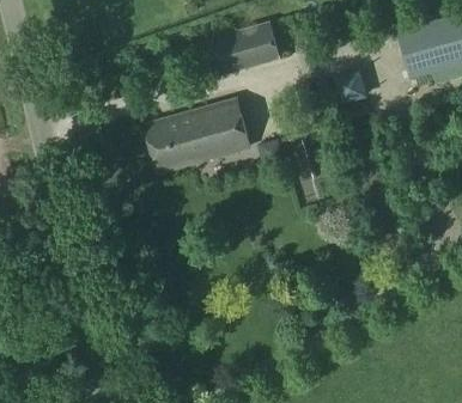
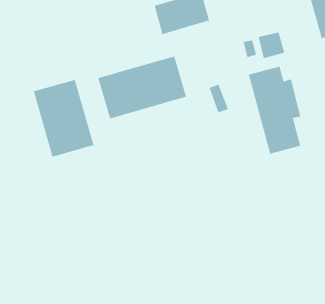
building: none -> [248,66,301,155]
building: none -> [33,79,94,157]

